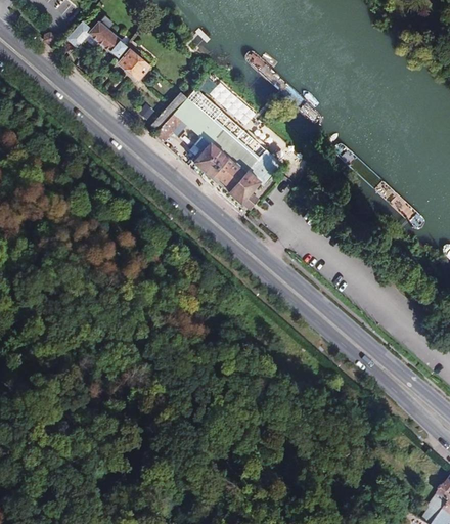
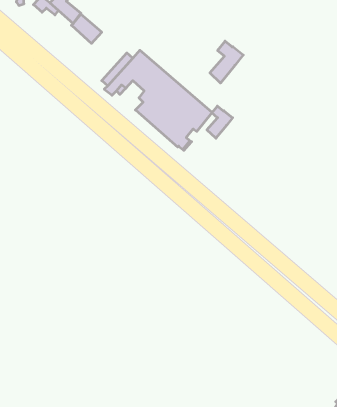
building: none -> [210,41,243,83]
building: none -> [207,106,233,138]

